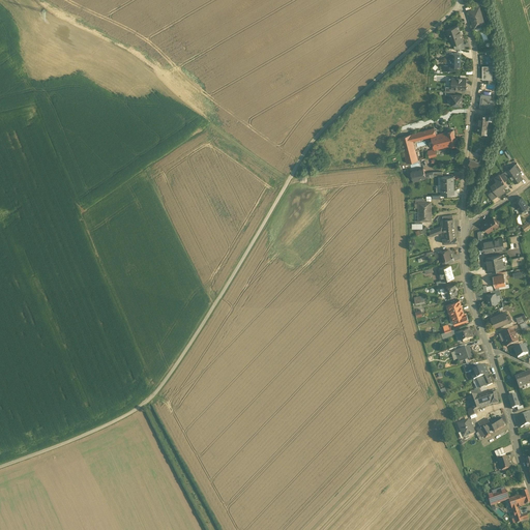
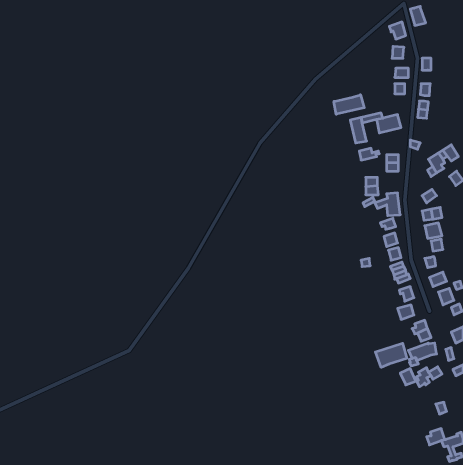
building: none -> [334,95,364,114]
building: none -> [375,343,407,367]

